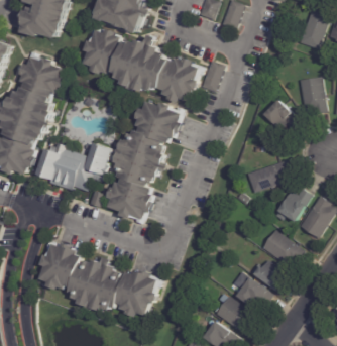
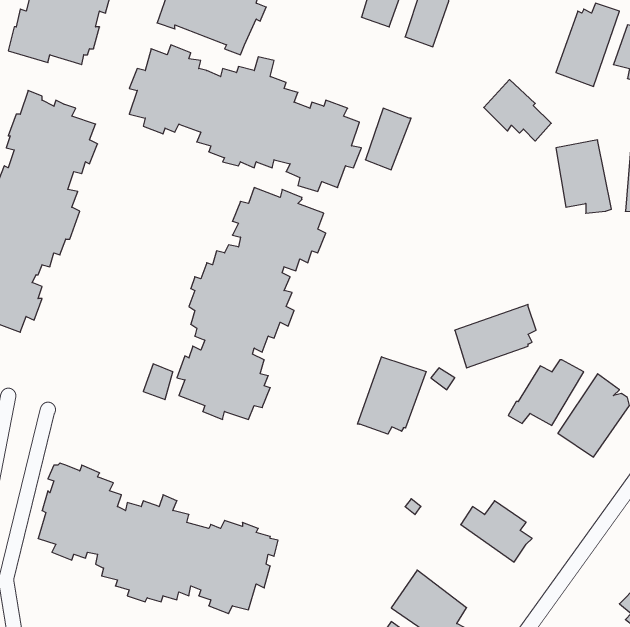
building: [264,100,299,131] -> [484,80,551,141]
building: [35,142,112,192] -> none
building: none -> [357,357,426,434]
building: [260,230,303,269] -> none
building: [231,272,271,313] -> none

